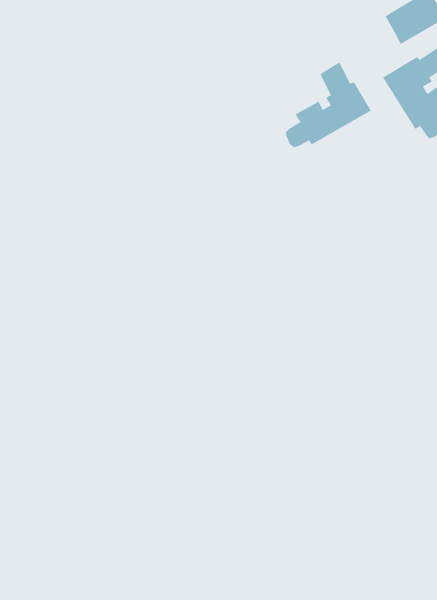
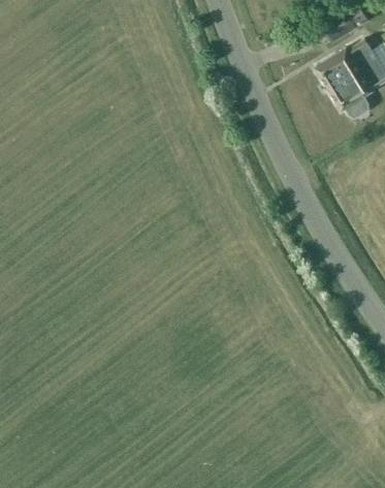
building: [285,61,372,148] -> none

